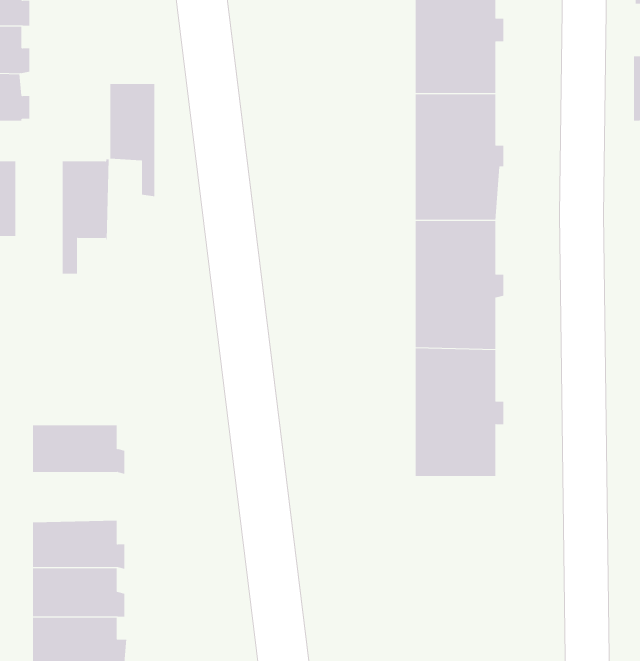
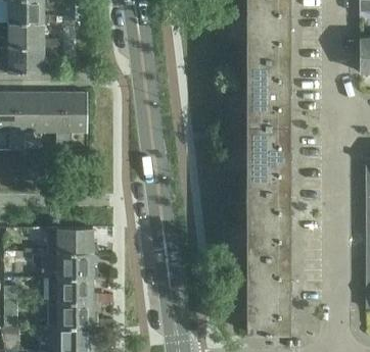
building: [109,84,155,197] -> [41,93,64,151]
building: none -> [49,253,97,279]
building: none -> [245,255,292,332]

